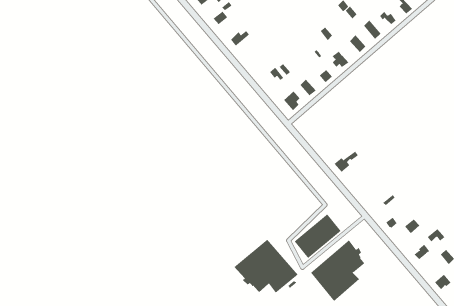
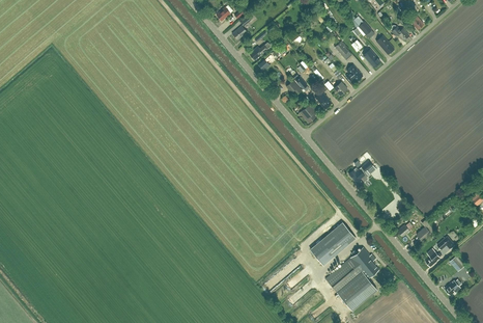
building: [234,239,299,293] -> none

